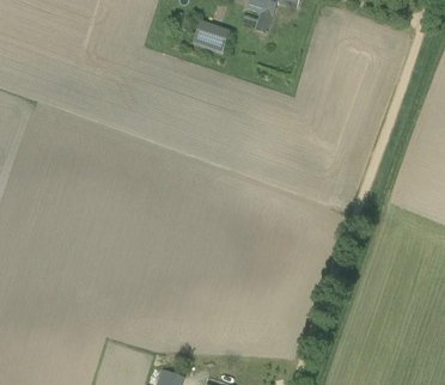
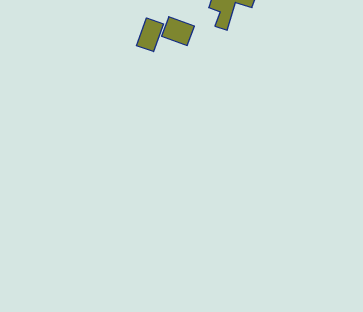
building: none -> [137,18,164,52]

